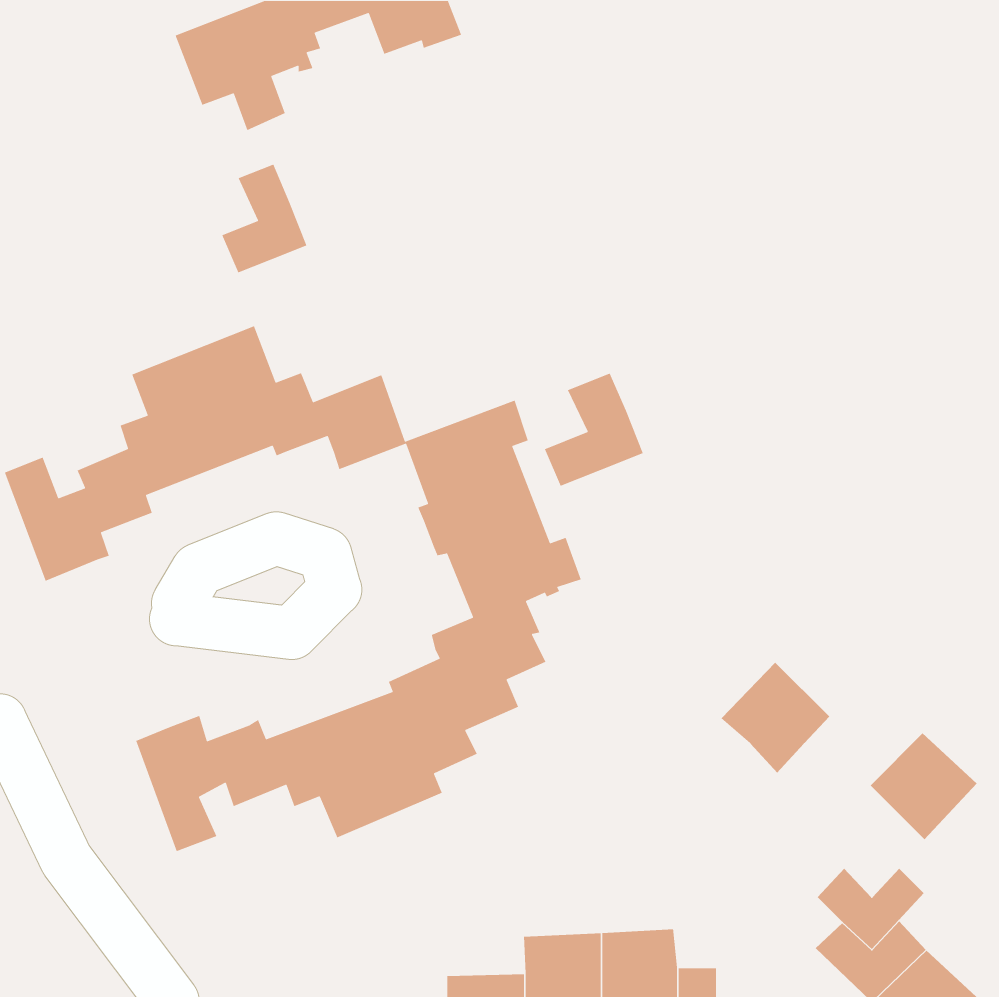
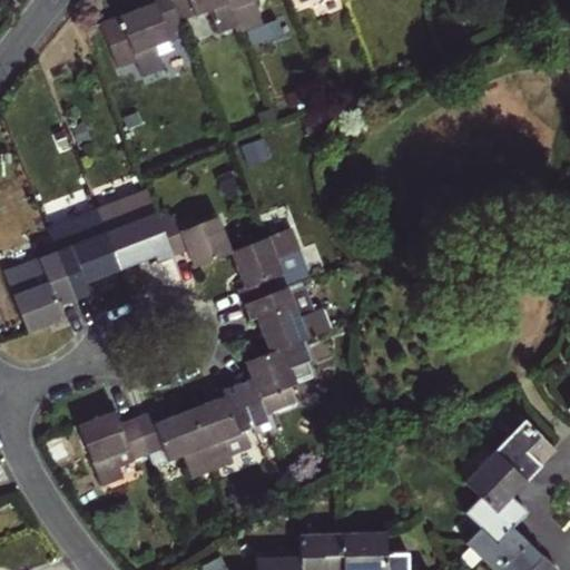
building: [221,163,308,273] -> none
building: [544,373,644,487] -> none
building: [720,662,830,773] -> [464,449,527,512]

